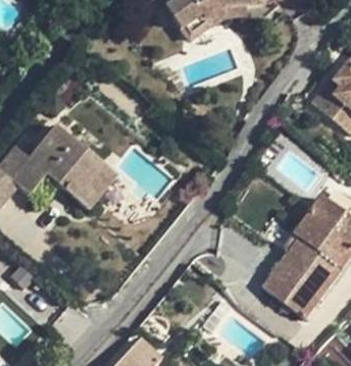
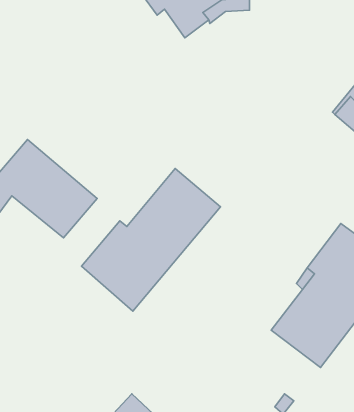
building: none -> [82,169,220,311]

